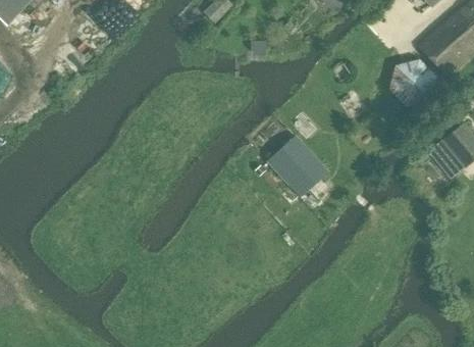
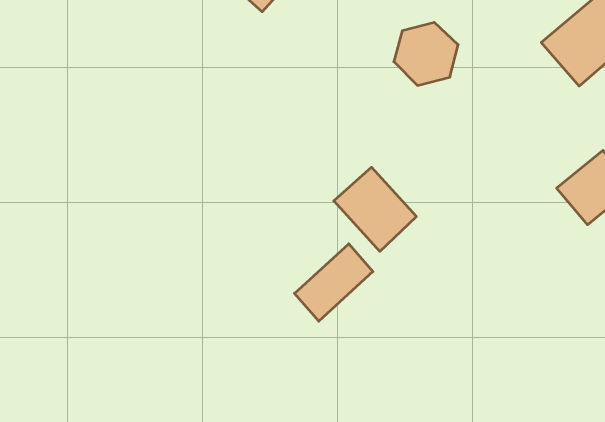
building: [388,60,435,106] -> [394,22,458,85]
building: none -> [294,244,373,321]

